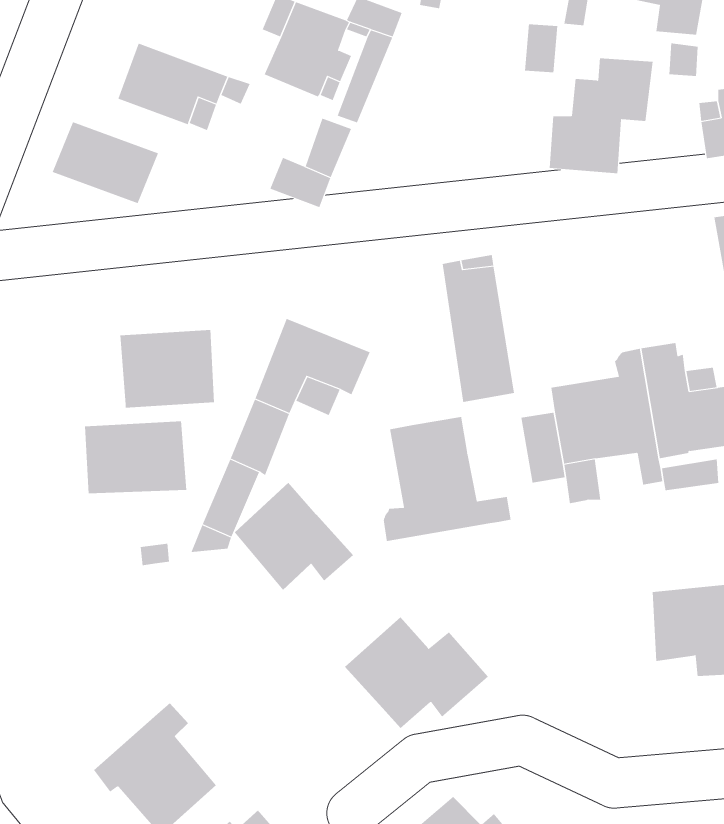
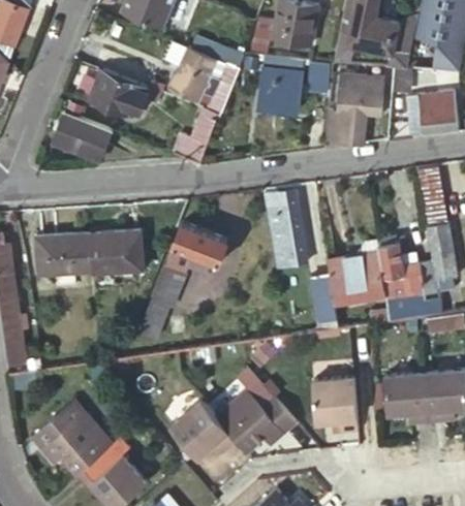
building: none -> [260,67,303,113]
building: [383,416,511,542] -> none
building: [84,421,187,494] -> [36,233,93,274]
building: [234,482,354,591] -> [168,399,235,458]
building: none -> [311,376,357,431]
building: none -> [31,399,111,473]

